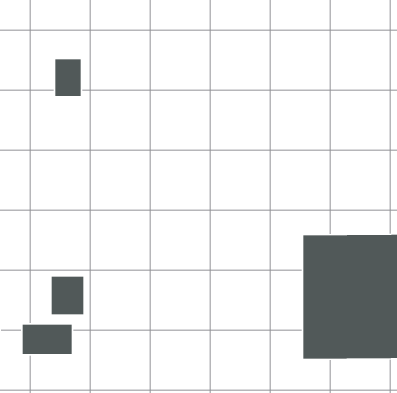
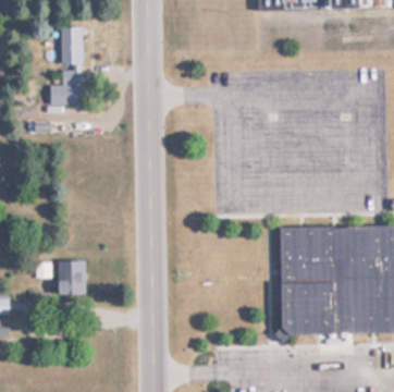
building: none -> [63,26,84,65]
building: [22,324,73,355] -> none

